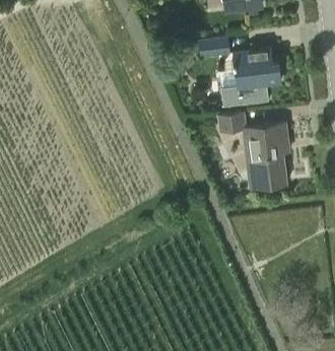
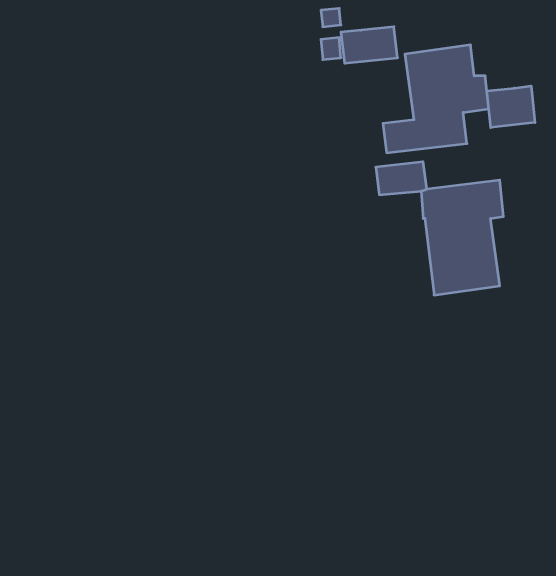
building: none -> [487,86,535,128]

